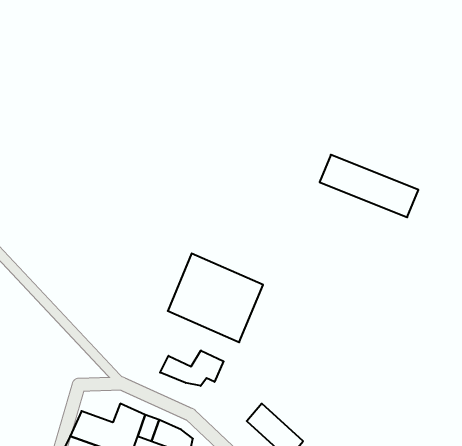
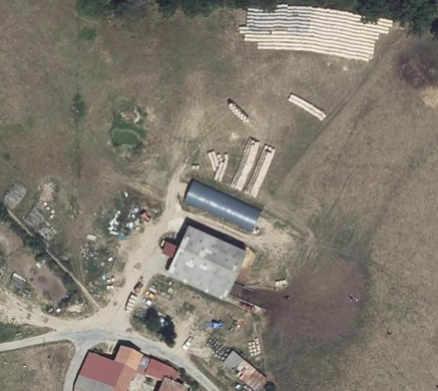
building: [320,155,418,217] -> [184,177,264,228]
building: [160,350,224,386] -> none

